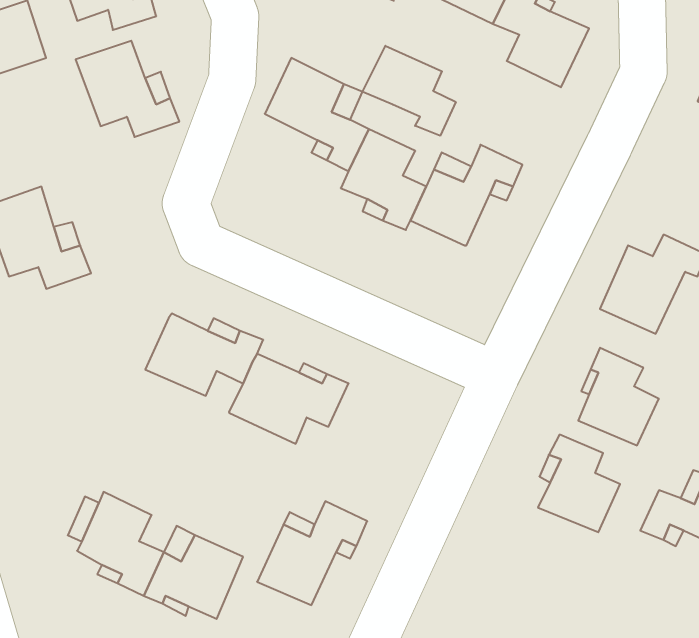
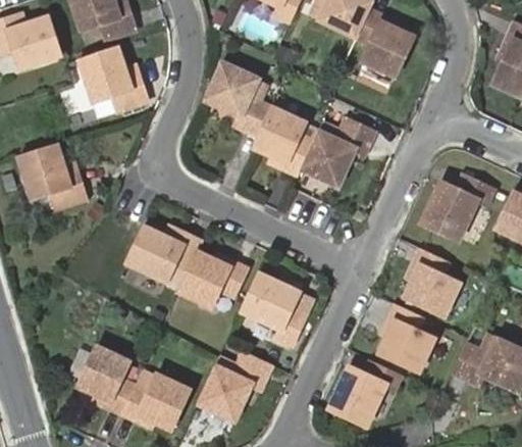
building: [363,46,456,136] -> none
building: none -> [241,272,306,346]
building: none -> [330,360,404,428]

